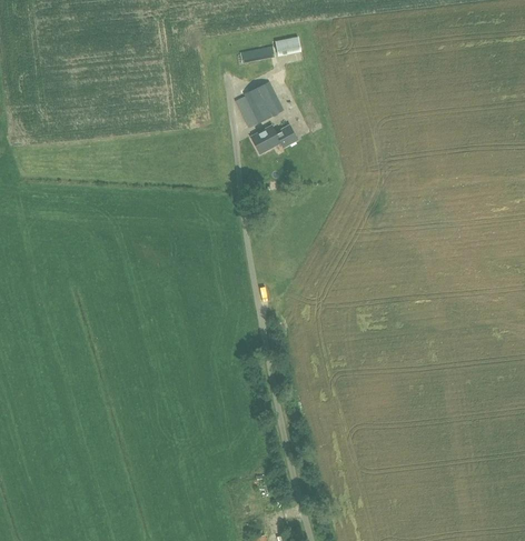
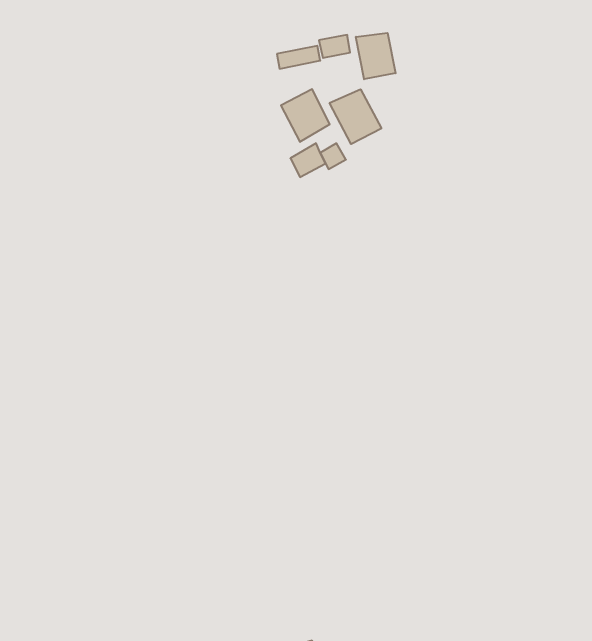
building: none -> [356,33,396,79]
building: none -> [330,89,381,144]

